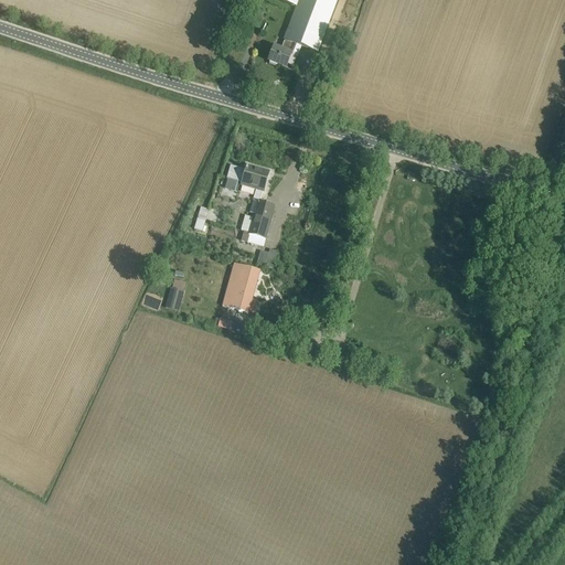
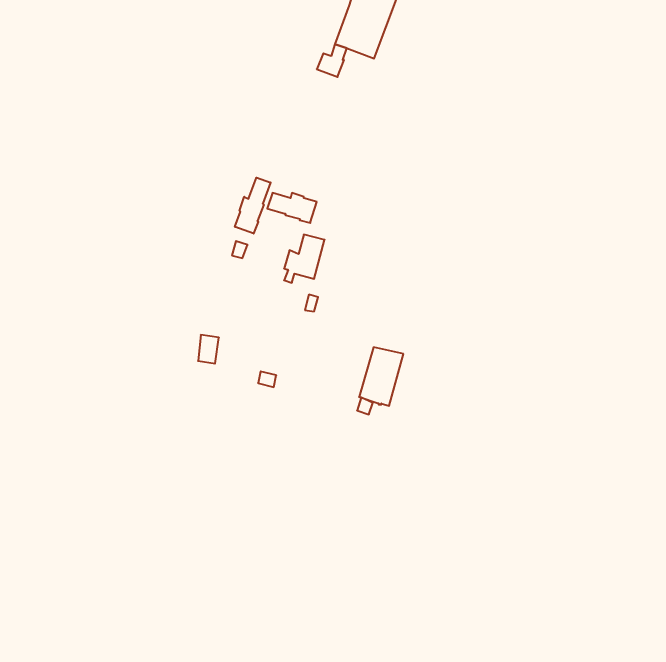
building: none -> [235,178,271,234]
building: [222,262,259,311] -> [359,347,403,406]

